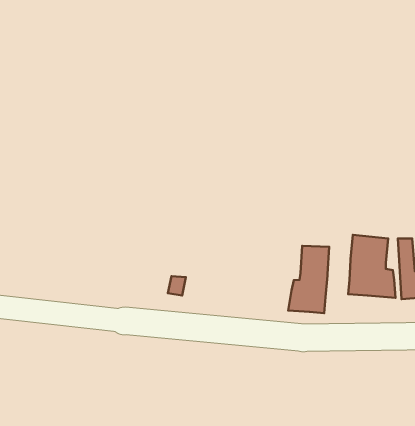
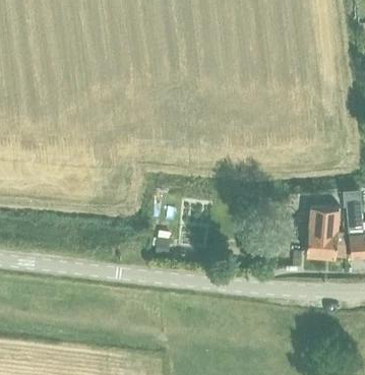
building: [288,246,329,313] -> none

